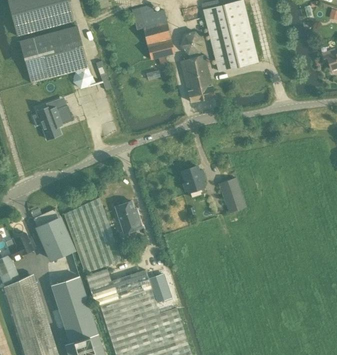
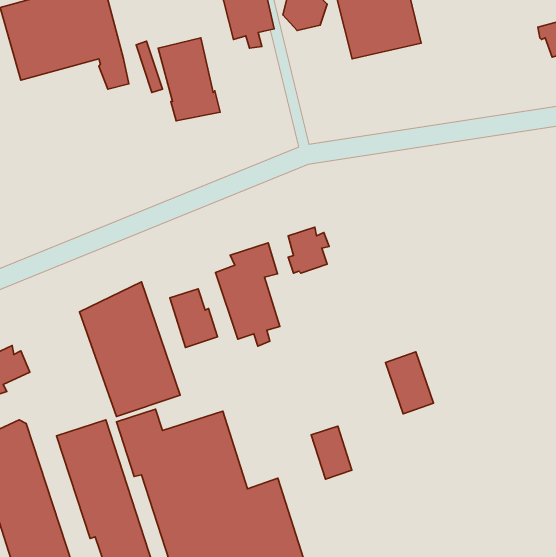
building: [180,55,215,102] -> [158,38,220,121]
building: [33,105,72,139] -> none
building: none -> [216,243,280,346]
building: [219,178,246,213] -> [386,352,433,414]
building: [31,208,73,259] -> none
building: [149,273,172,303] -> [311,426,352,479]

